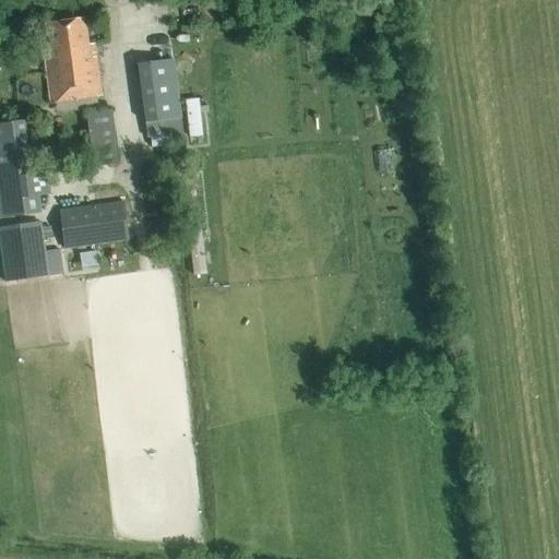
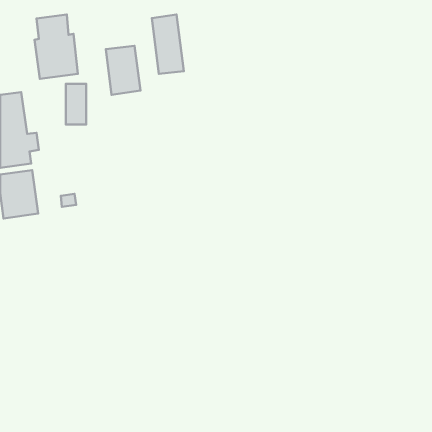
building: none -> [152,14,184,74]
building: [59,200,128,249] -> none

